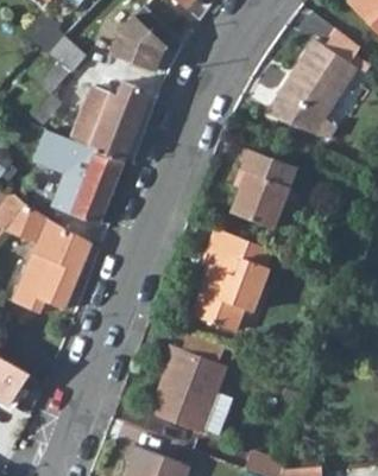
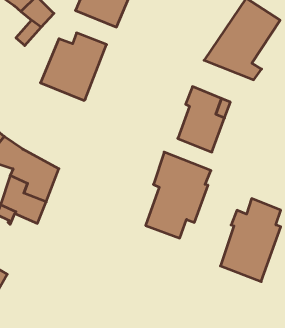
building: [49,141,120,227] -> none
building: [155,331,228,432] -> [220,199,281,282]

